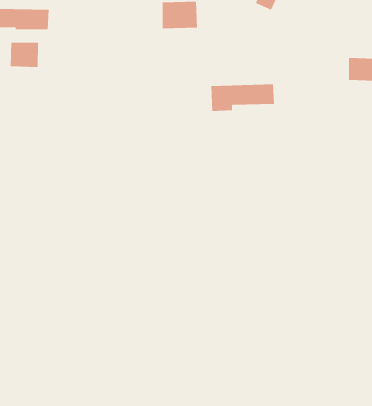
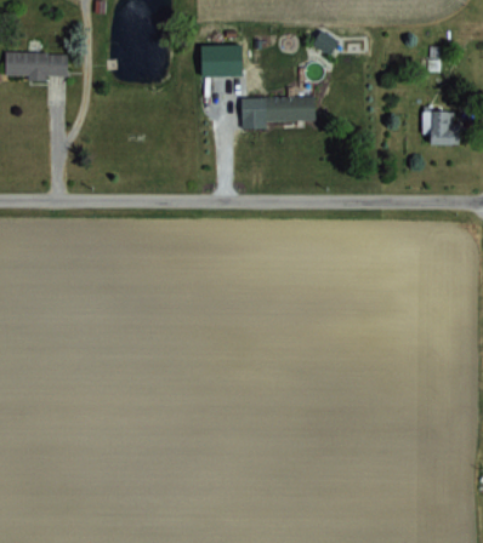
building: [10,42,39,68] -> none
building: [210,84,275,111] -> [240,96,317,128]

